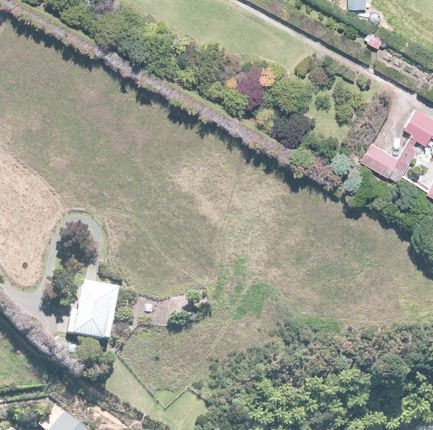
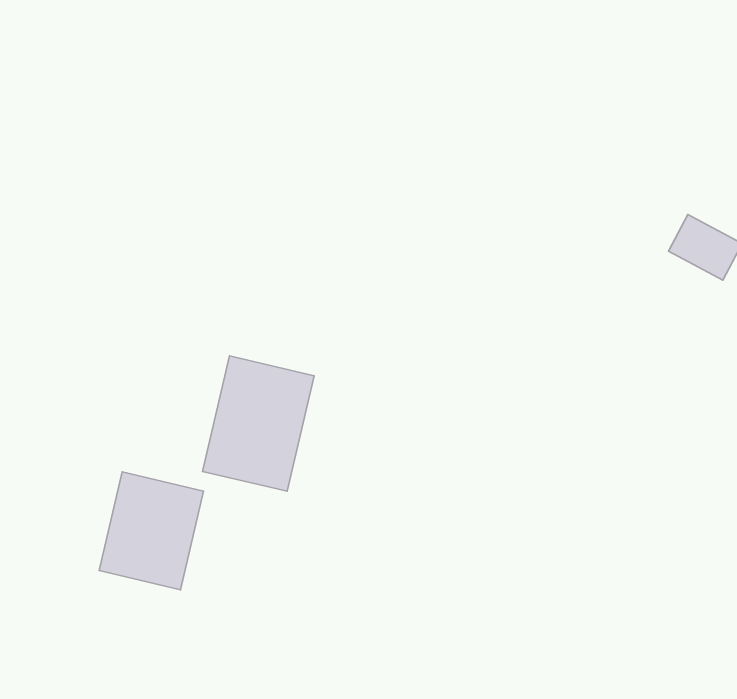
building: none -> [202,356,314,491]

